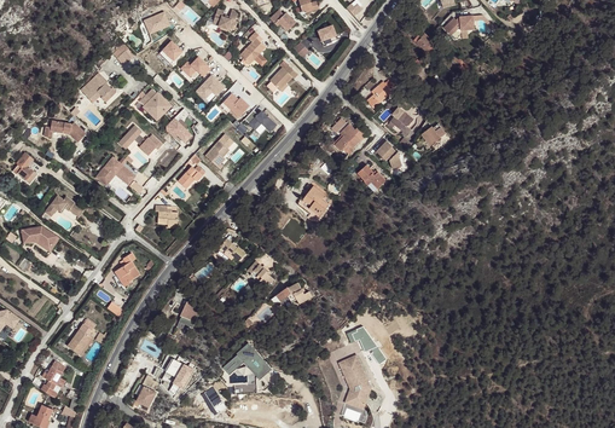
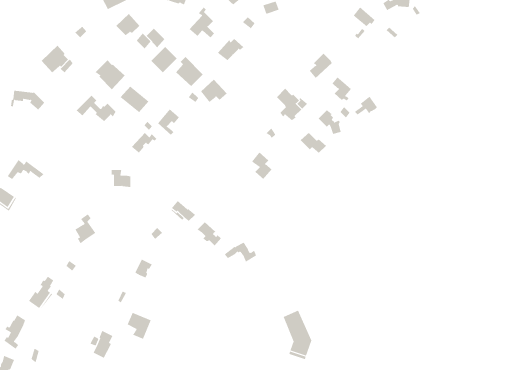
building: [95,156,134,185] -> none

